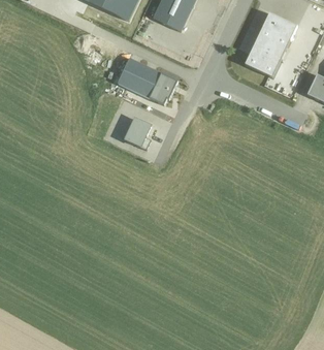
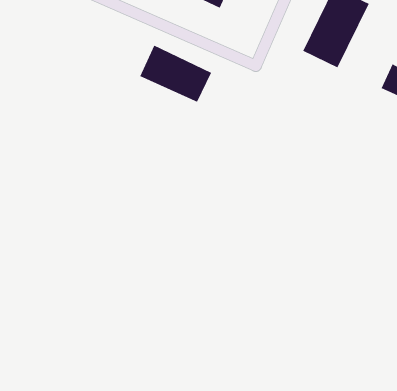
building: [124,118,150,147] -> none

